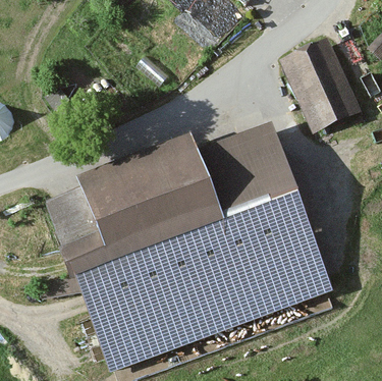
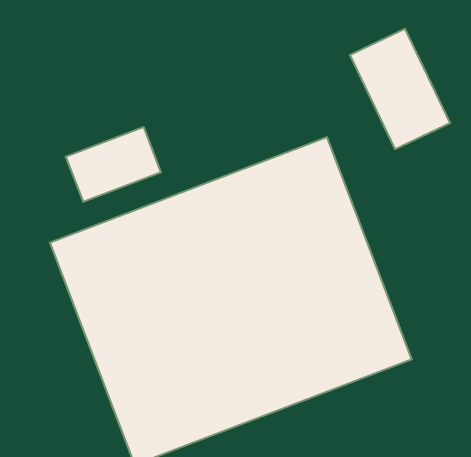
building: none -> [66,127,161,202]

